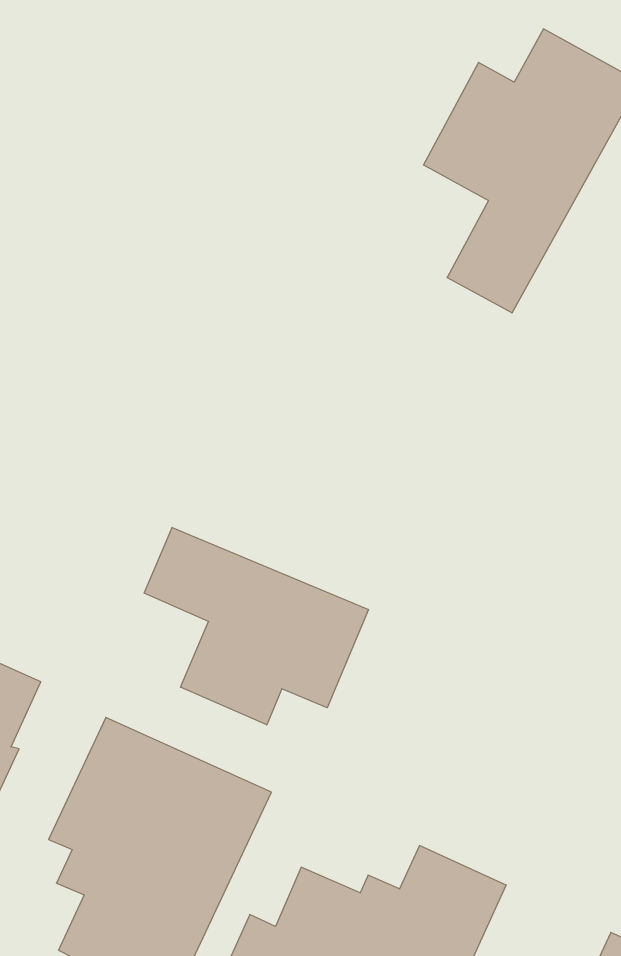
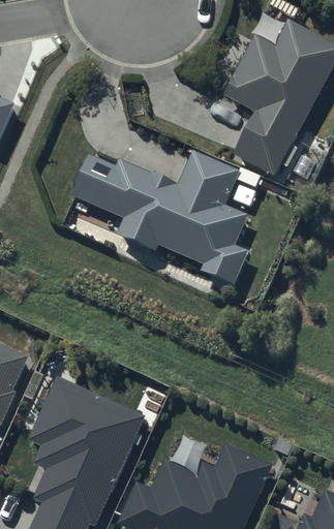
building: none -> [74,151,243,277]
building: [144,527,369,725] -> none

